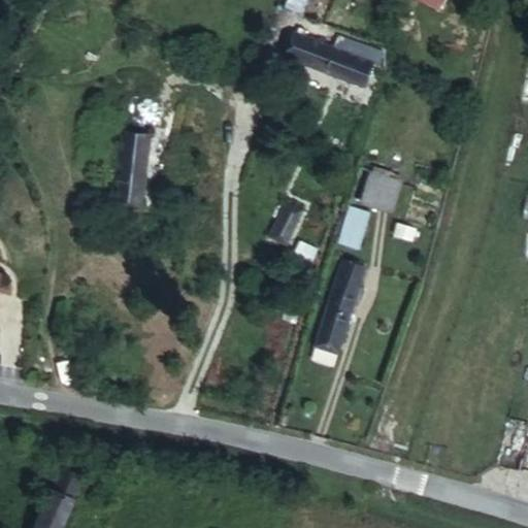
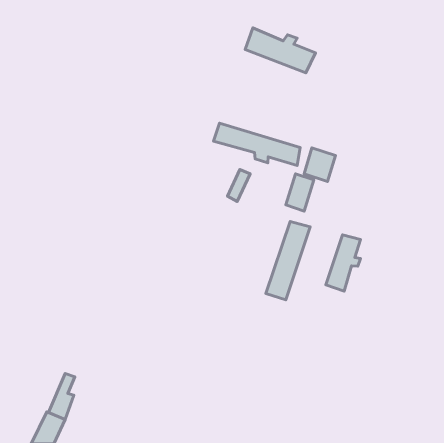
building: [118,127,150,204] -> none
building: none -> [213,123,300,165]
building: none -> [326,235,360,291]

